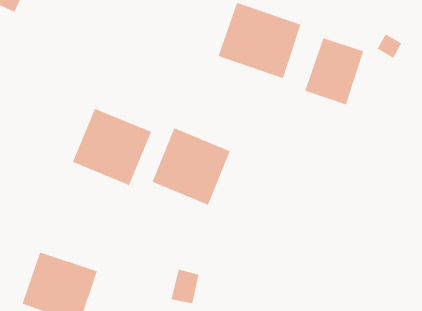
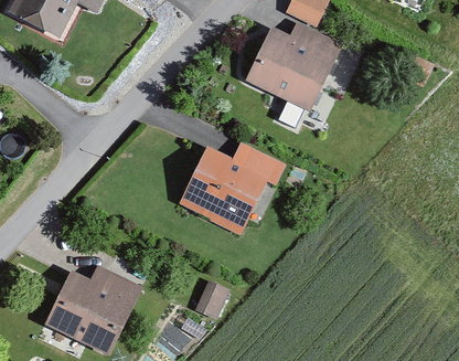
building: [304,37,364,106] -> none
building: [72,108,152,186] -> none

